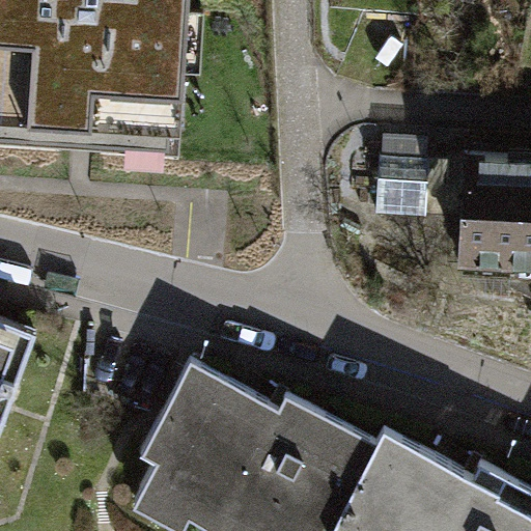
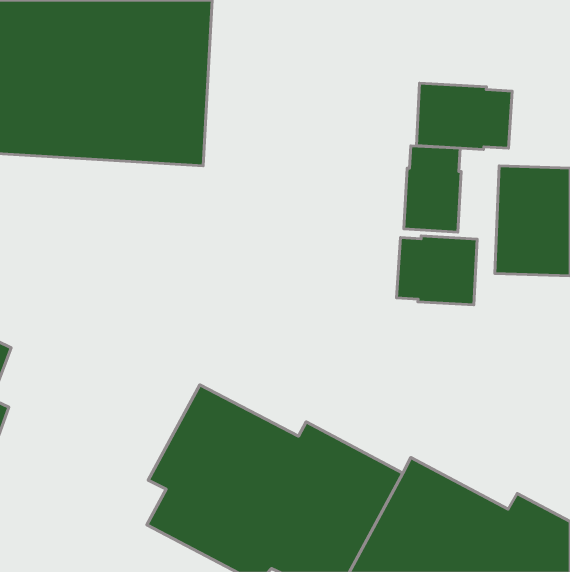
building: none -> [416,83,512,149]
building: none -> [397,236,477,305]

